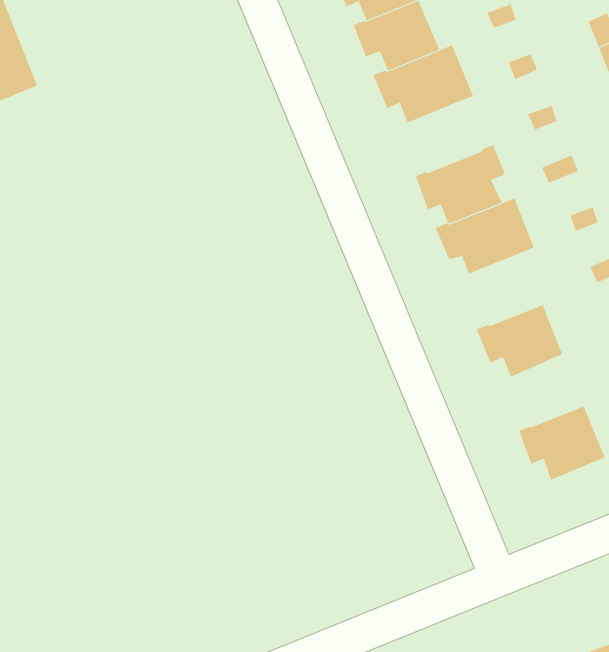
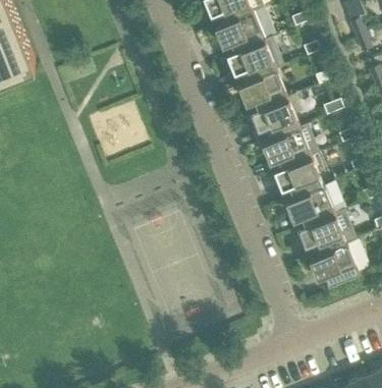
building: none -> [237,68,287,109]
building: none -> [273,155,323,197]
building: none -> [296,210,356,255]

